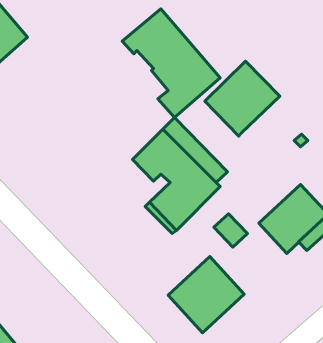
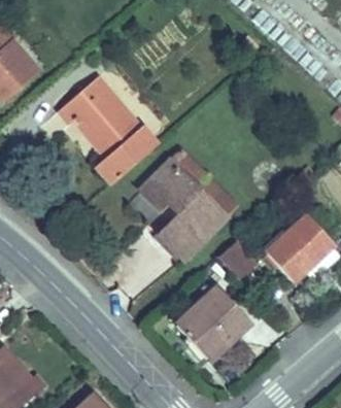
building: [122,9,220,118] -> [60,76,157,183]
building: [205,61,280,136] -> none

